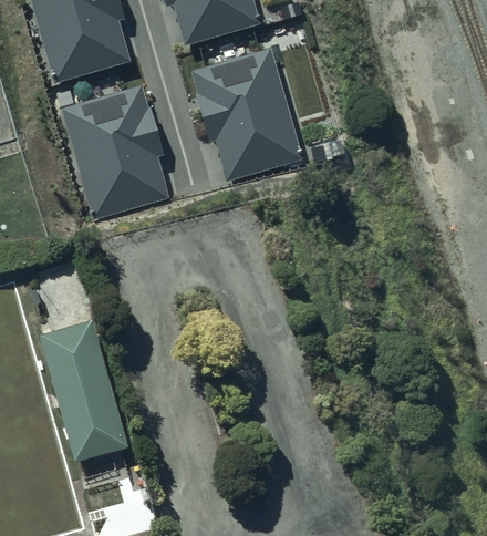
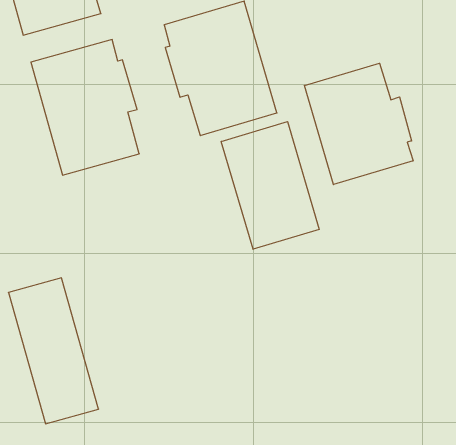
building: none -> [304,63,413,185]
building: none -> [221,122,319,249]

